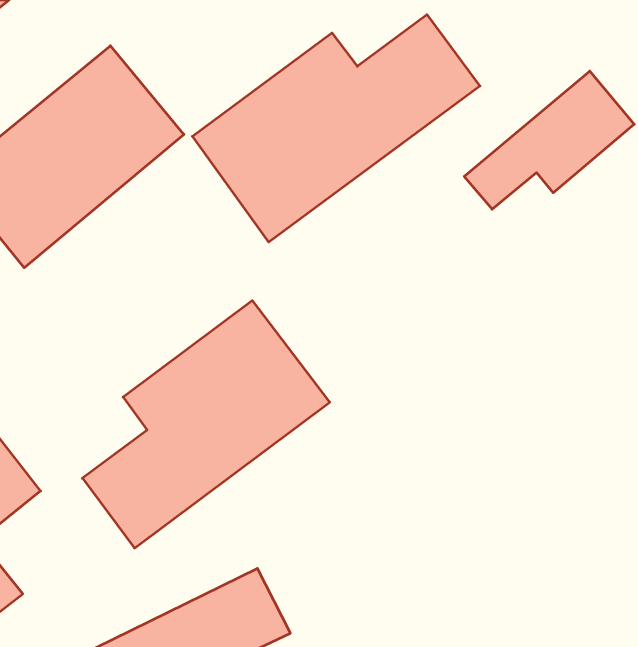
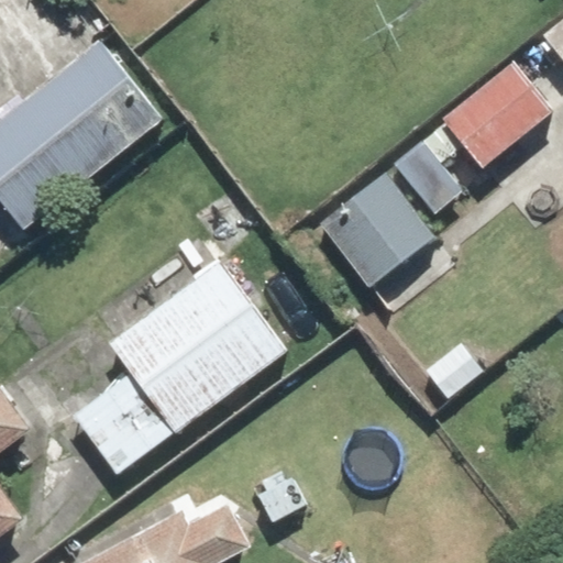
building: [192,15,480,242] -> none
building: none -> [317,170,441,294]

